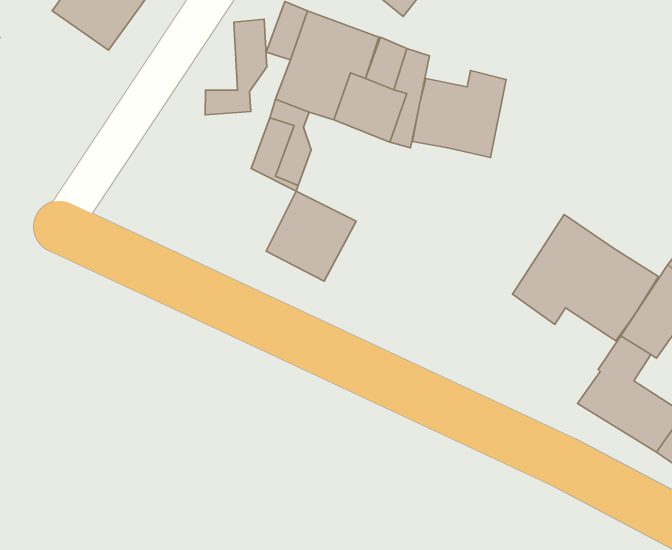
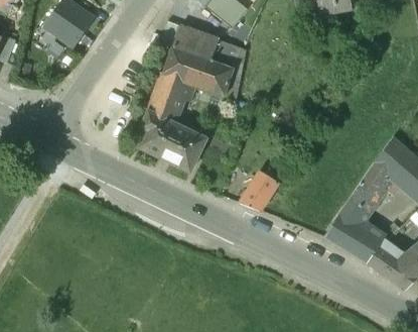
building: [205,19,267,115] -> none
building: [413,70,506,157] -> none
building: none -> [141,110,175,154]
building: [512,214,658,341] -> none
building: none -> [241,173,278,210]

